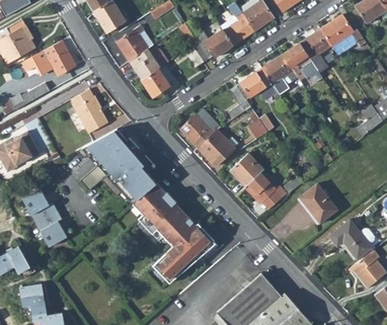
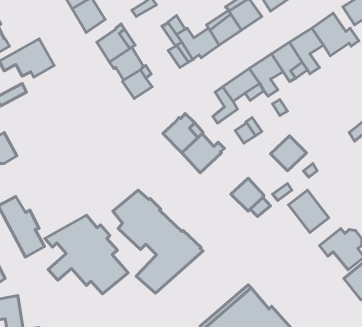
building: [71,87,109,132] -> none
building: [77,129,156,204] -> [45,215,128,294]
building: [228,154,262,187] -> [270,136,307,171]

